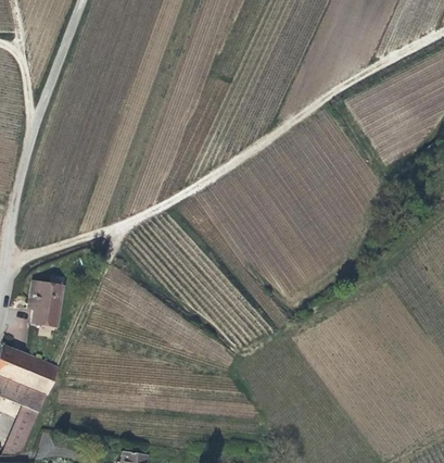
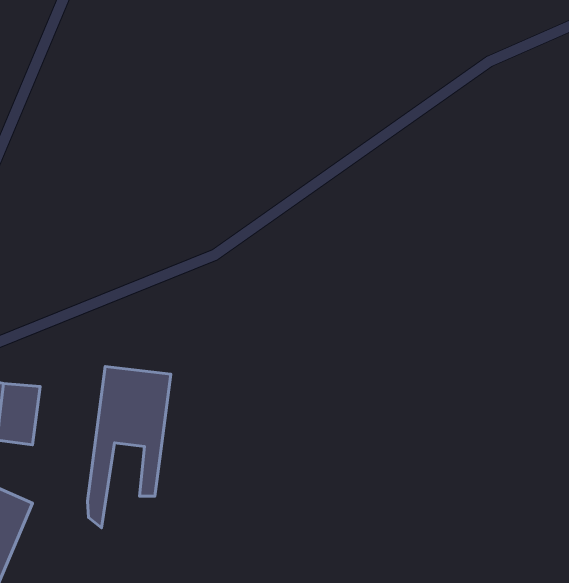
building: none -> [88,367,171,528]

